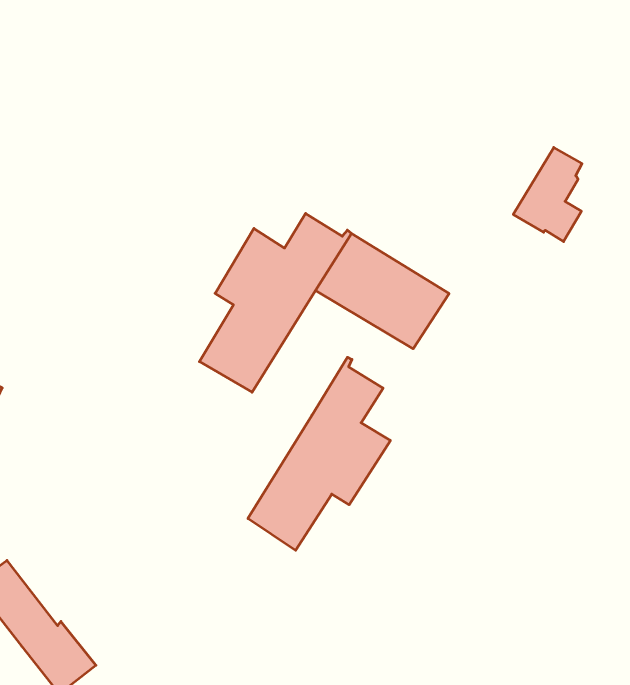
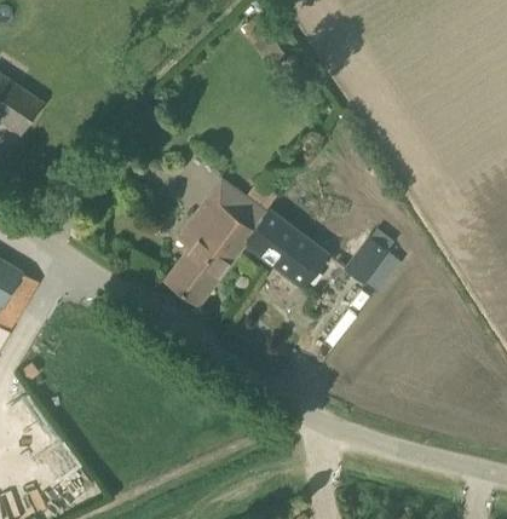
building: [513,147,582,242] -> [345,230,392,290]
building: [248,357,390,550] -> none

